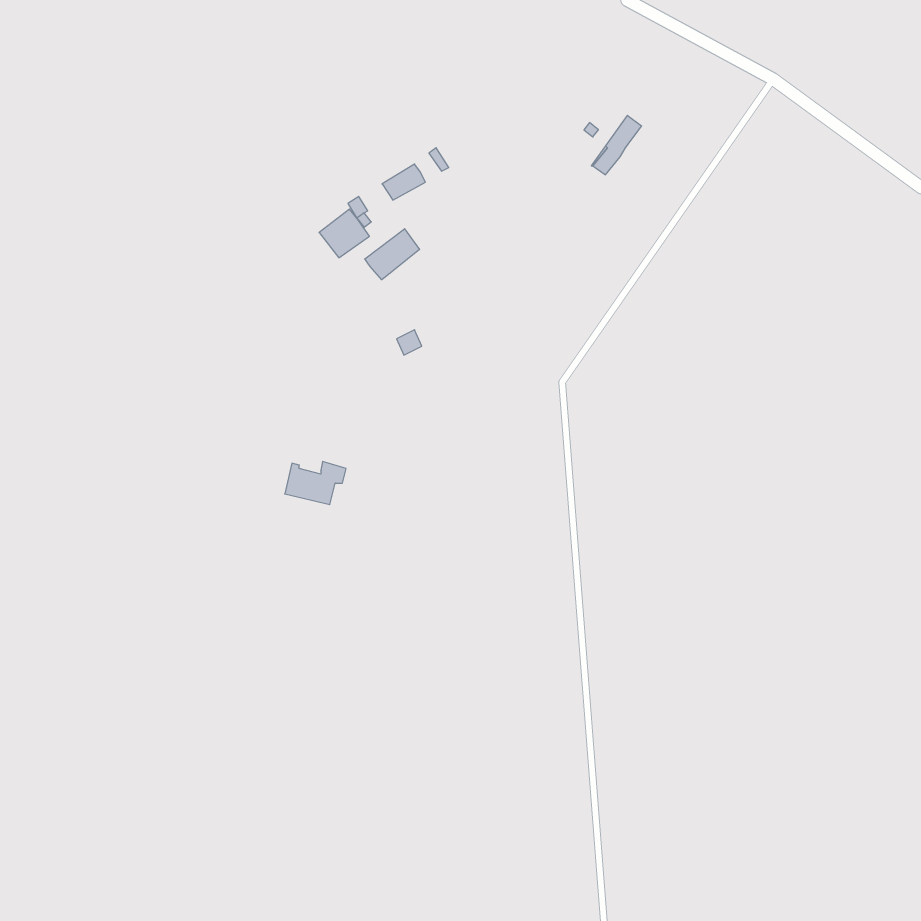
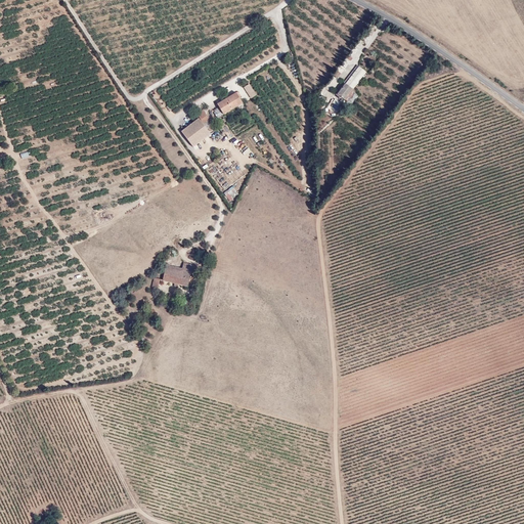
building: [365,229,420,280] -> none

